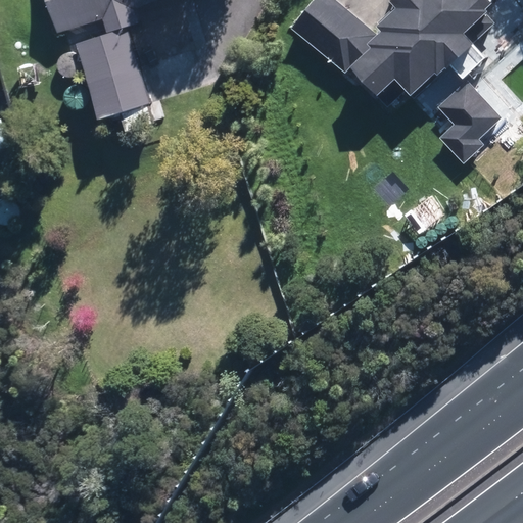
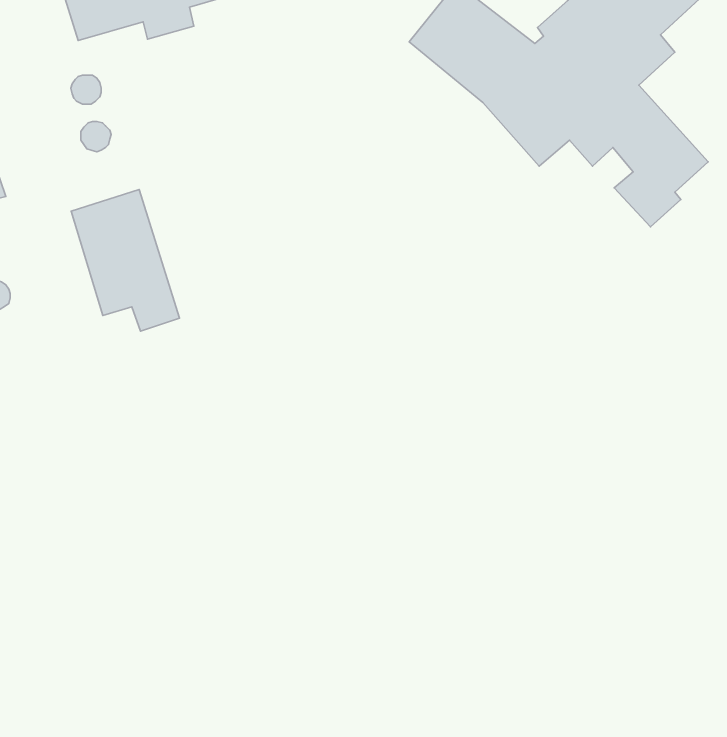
building: [77,27,153,127] -> [71,190,179,331]

